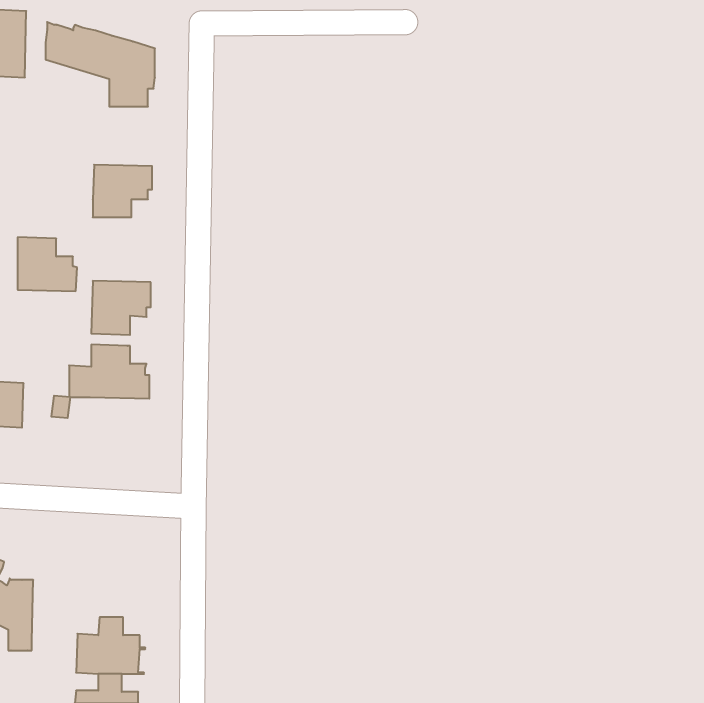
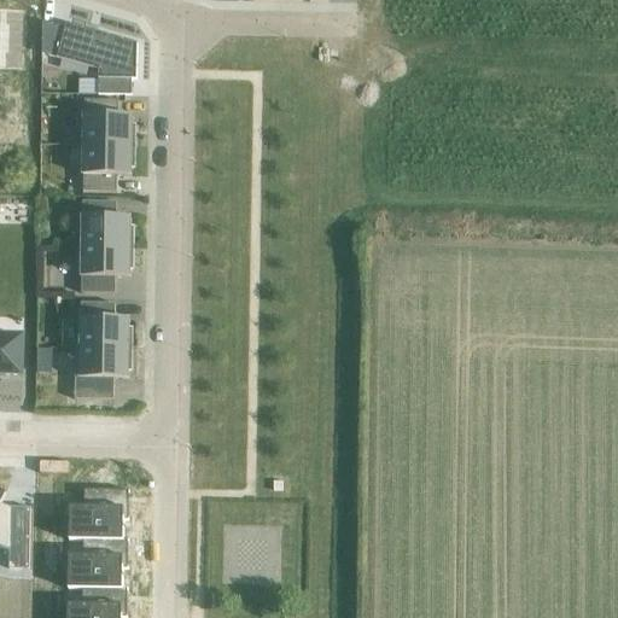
building: none -> [82,98,134,145]
building: [18,237,77,291] -> [81,199,133,246]
building: none -> [74,346,130,398]
building: none -> [68,488,127,540]

